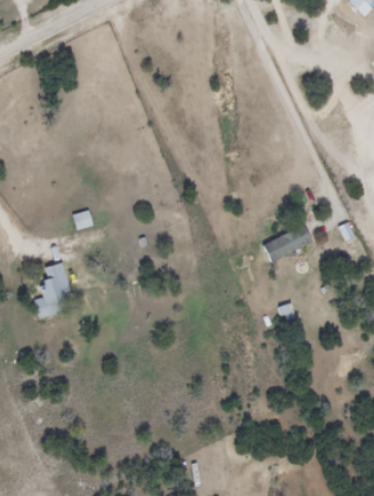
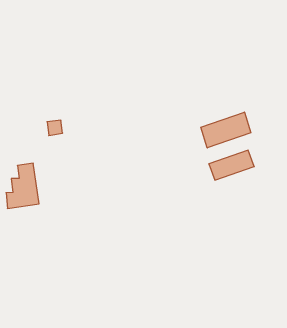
building: none -> [201,112,251,148]

